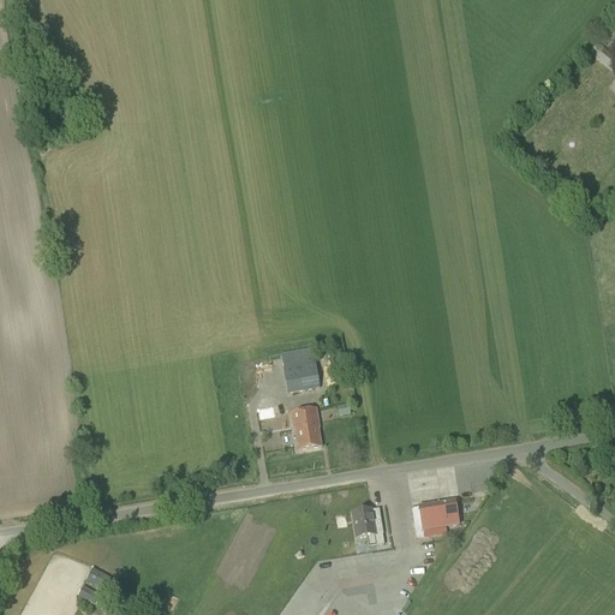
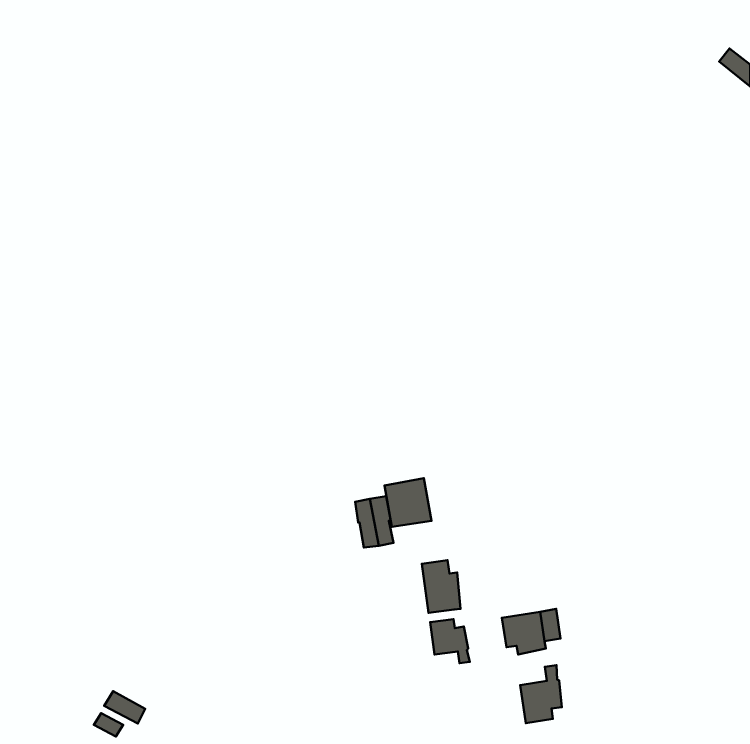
building: [281,351,320,390] -> [384,478,431,527]
building: none -> [422,560,461,613]
building: none -> [520,665,562,723]

